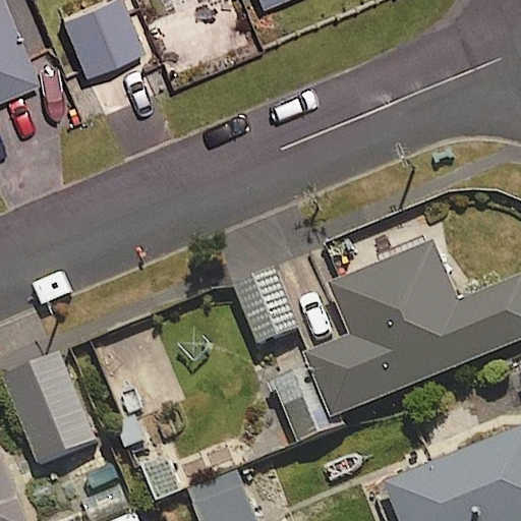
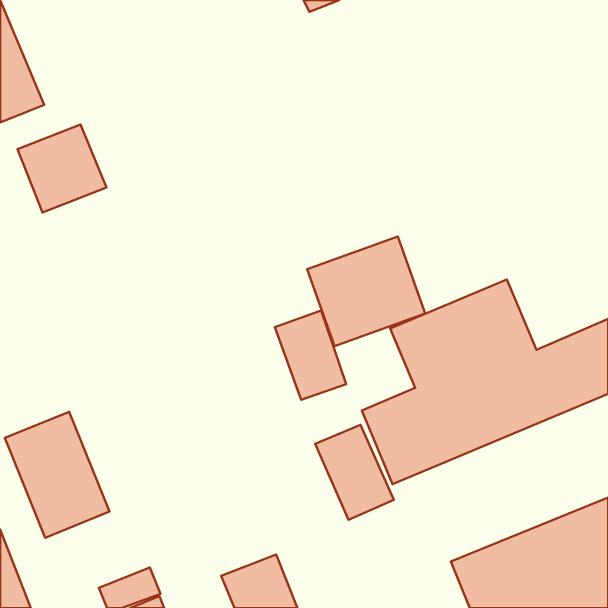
building: [65,4,141,79] -> [17,124,107,212]
building: none -> [307,237,425,346]

